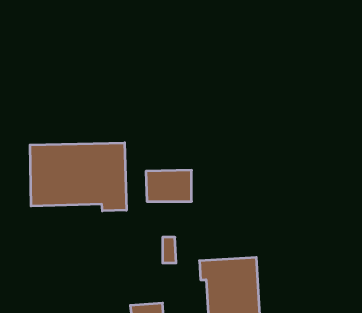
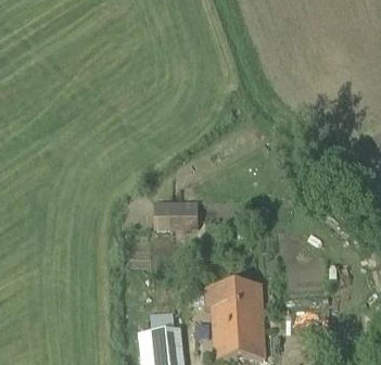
building: [30,143,126,211] -> none

